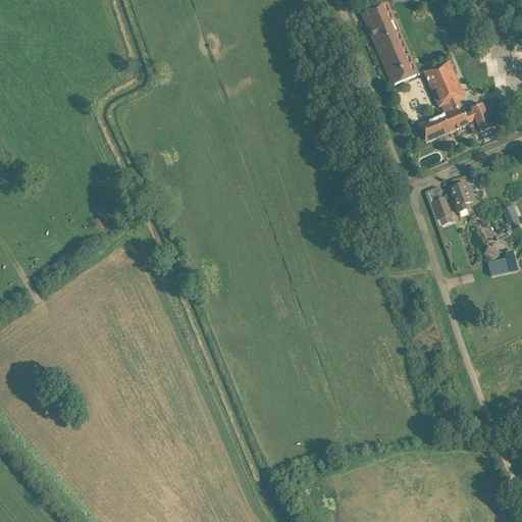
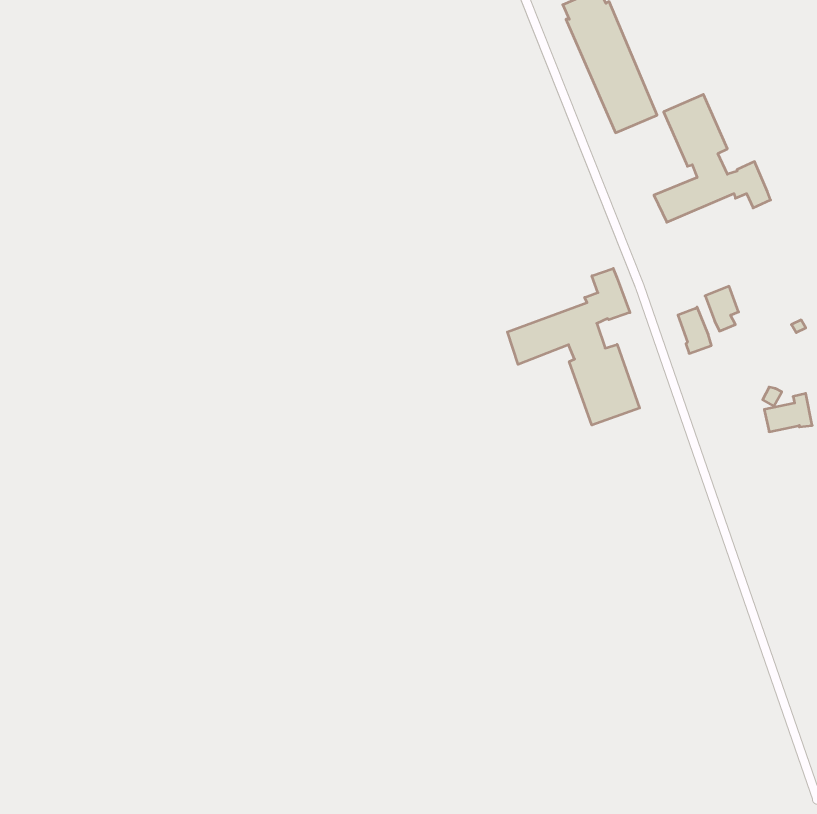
building: none -> [507,268,640,425]

